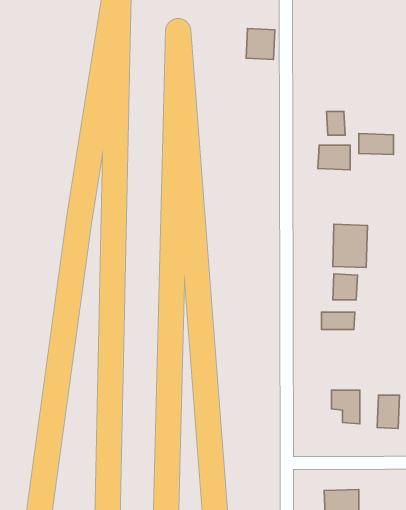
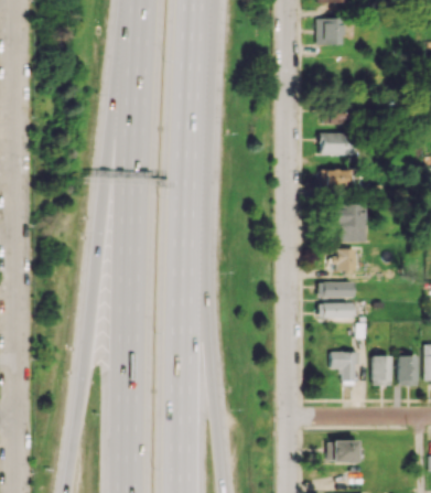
building: [246,29,275,60] -> [316,18,342,45]
building: [359,134,393,155] -> [320,169,351,187]
building: none -> [322,302,352,319]

